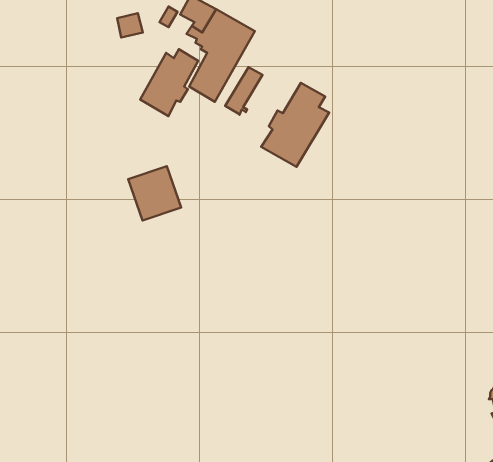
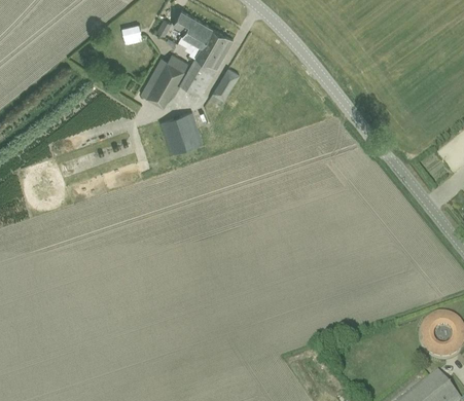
building: [261,83,329,167] -> none
building: [128,166,181,220] -> [160,109,203,152]

